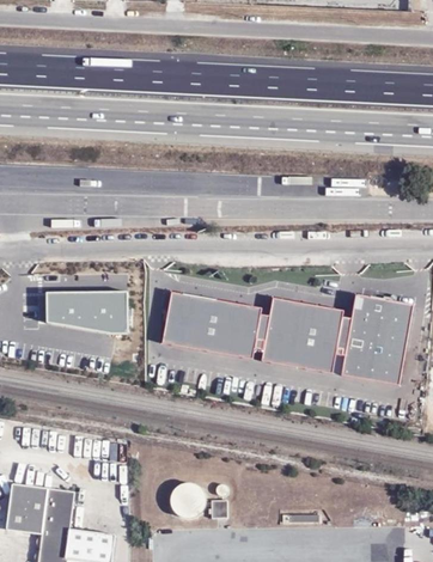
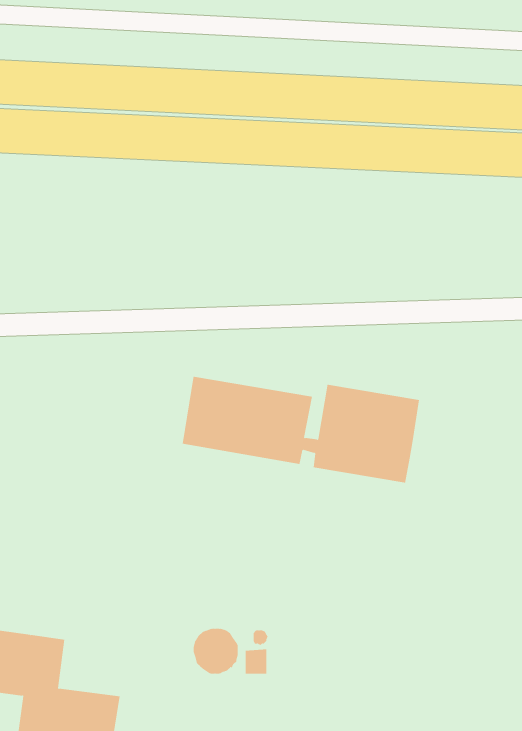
building: [37,291,127,332] -> none
building: [336,295,413,385] -> none

